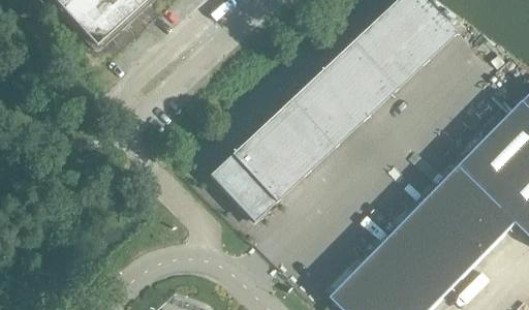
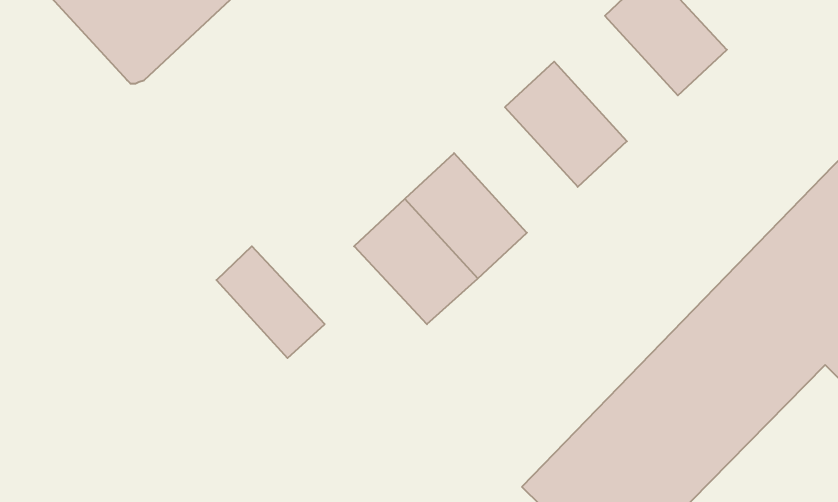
building: [351,10,427,87] -> none
building: [290,66,366,143] -> none
building: [208,151,274,219] -> [216,246,325,358]

